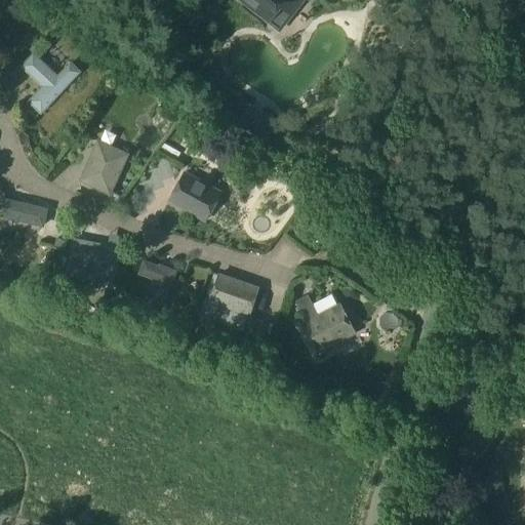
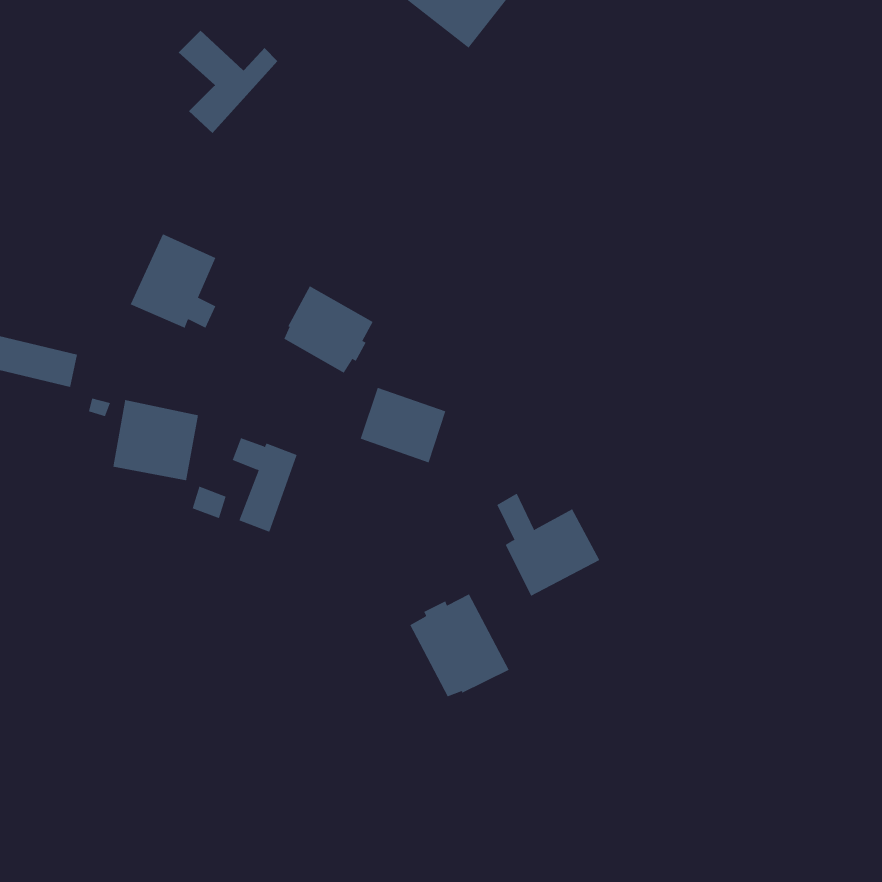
building: [18,54,78,116] -> [178,30,278,134]
building: [207,272,258,317] -> [360,387,446,463]
building: none -> [409,594,509,697]

